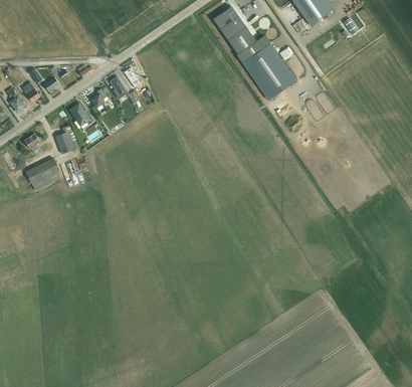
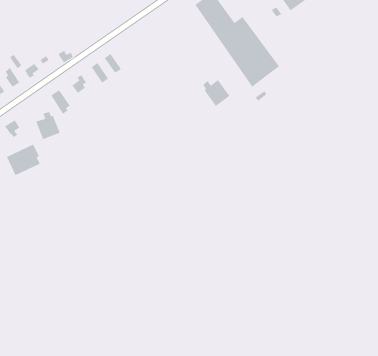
building: none -> [203,79,230,107]

